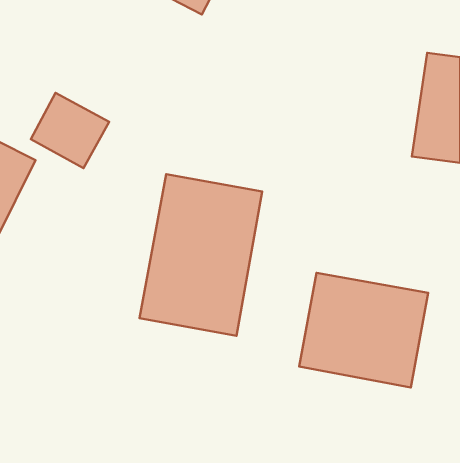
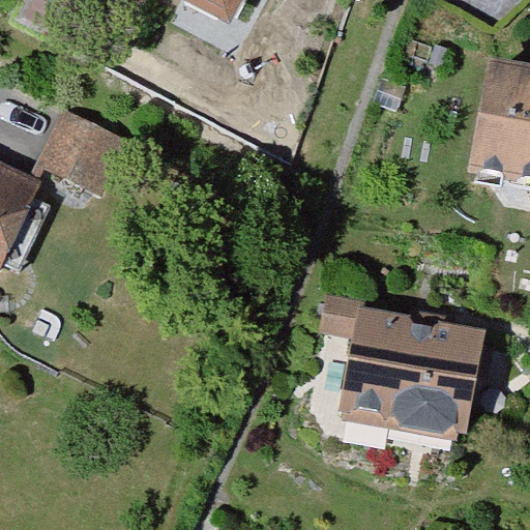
building: [139,174,262,336] -> none

